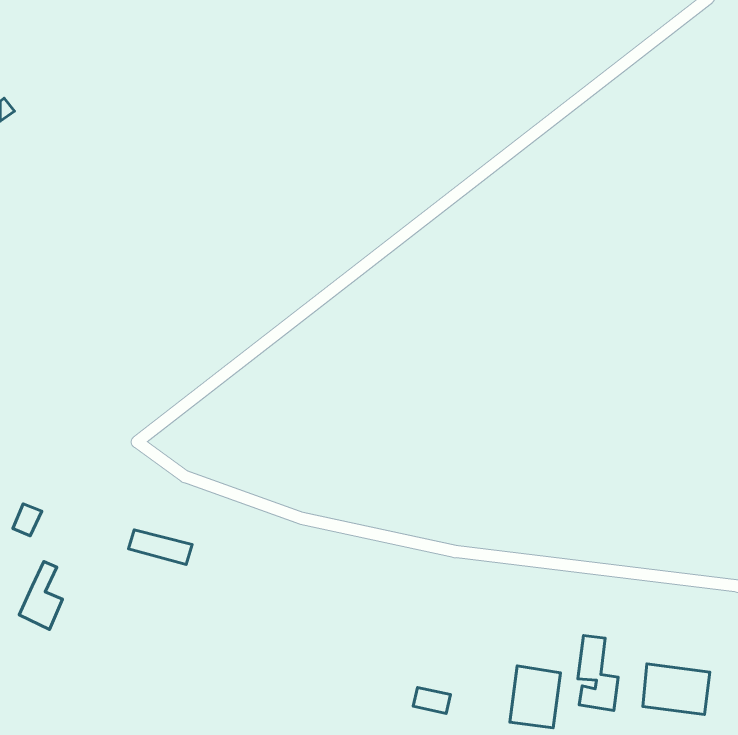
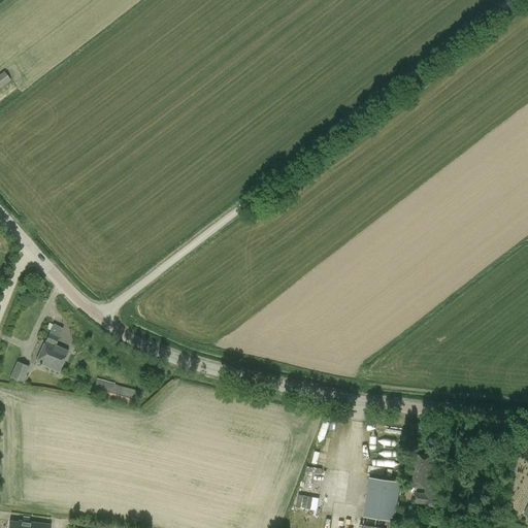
building: [19,562,63,629] -> [36,323,67,371]
building: [643,664,710,715] -> none

